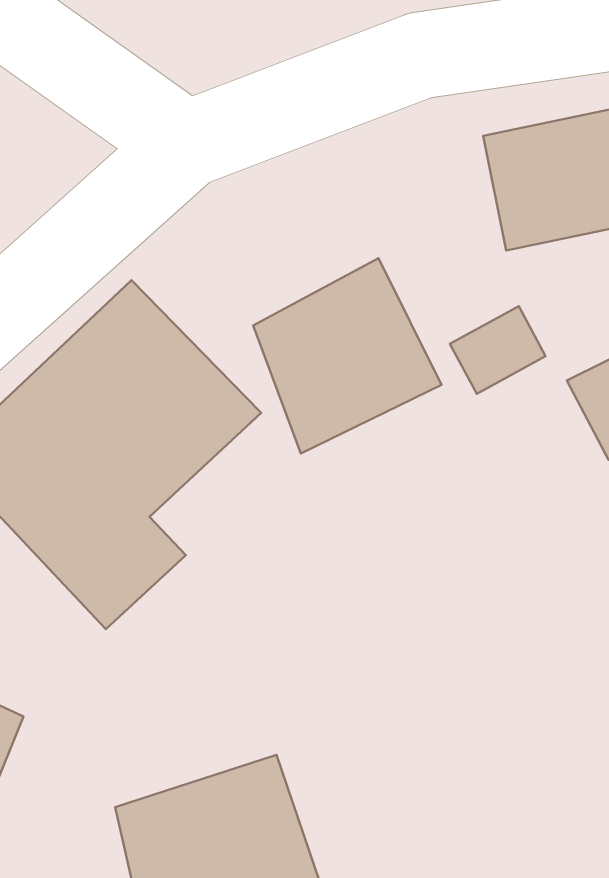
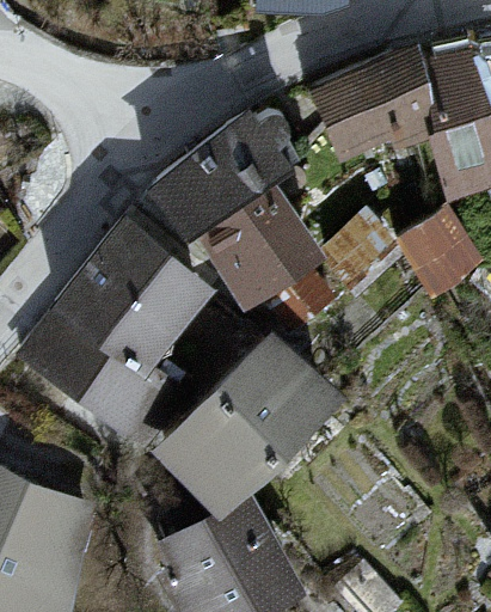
building: none -> [146,111,293,246]
building: none -> [151,333,340,519]

